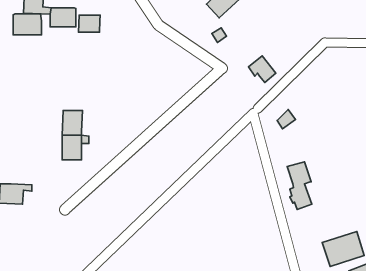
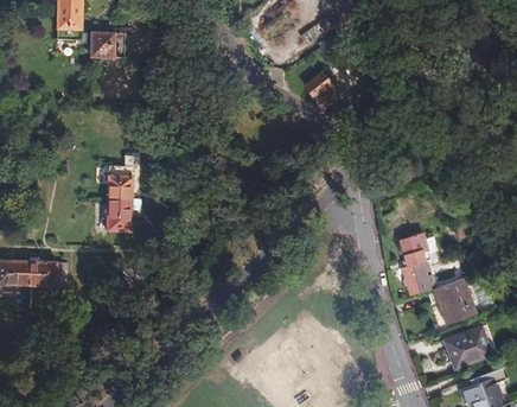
building: [13,14,41,35] -> none
building: [78,15,100,32] -> none
building: [248,56,276,82] -> [305,72,340,107]
building: none -> [427,278,475,323]

